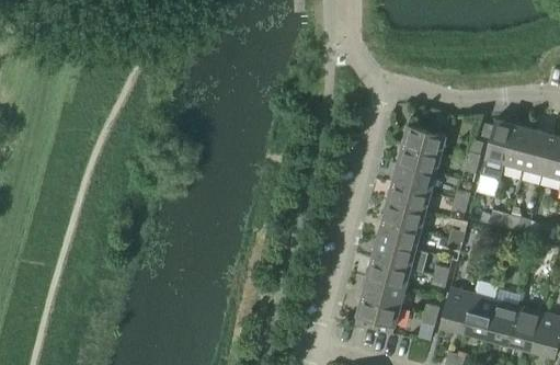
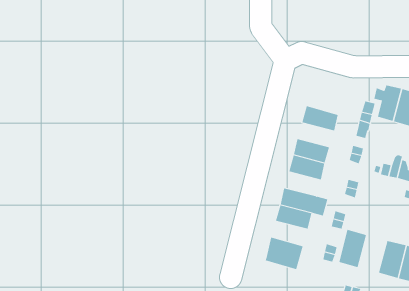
building: [403,124,446,155] -> none
building: [392,163,436,192] -> none
building: [377,220,421,249] -> none
building: [362,277,405,307] -> none
building: [464,294,496,338] -> none

